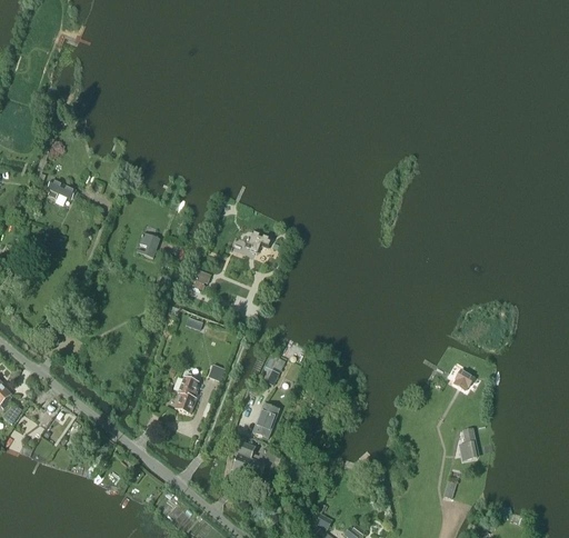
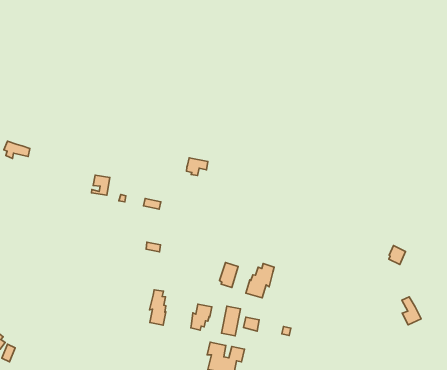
building: none -> [246,263,274,298]
building: none -> [191,304,212,330]

